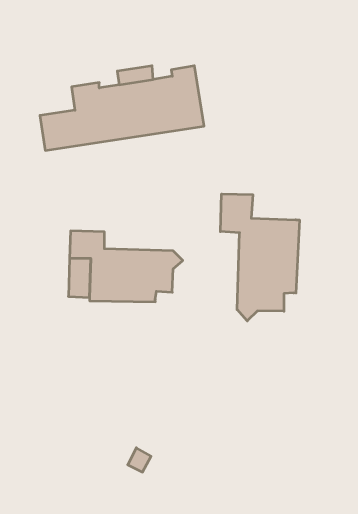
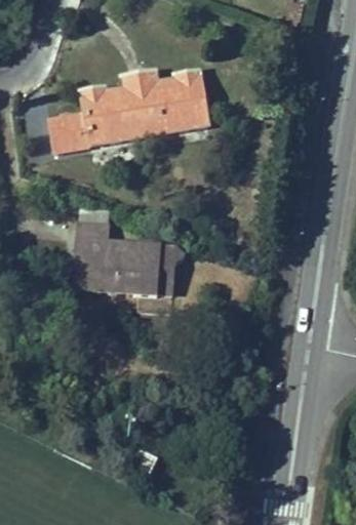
building: [220,194,299,321] -> none

